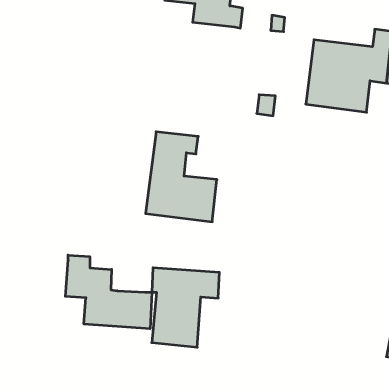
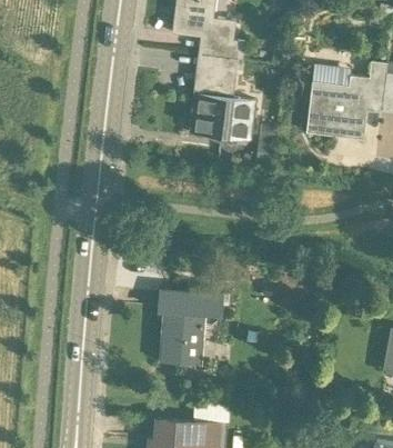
building: [146,132,217,222] -> [188,54,255,140]
building: [65,255,152,329] -> none

